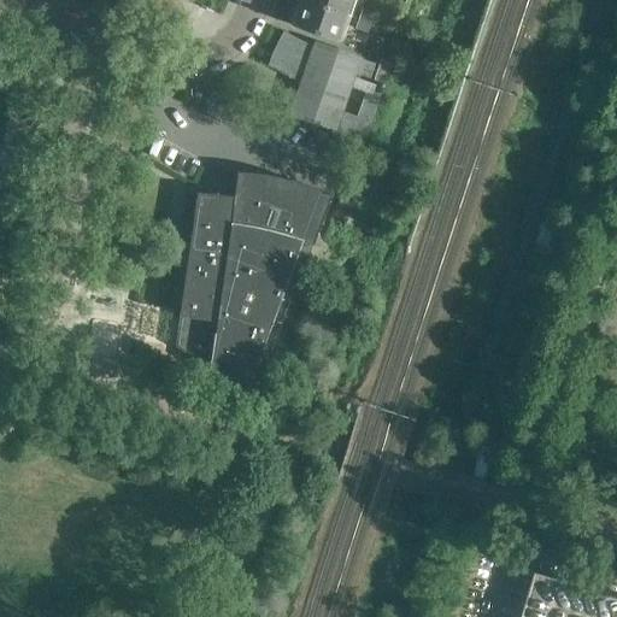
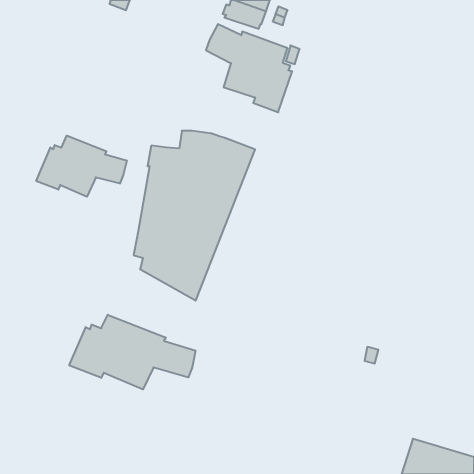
building: none -> [36,136,127,197]
building: none -> [69,315,195,389]

